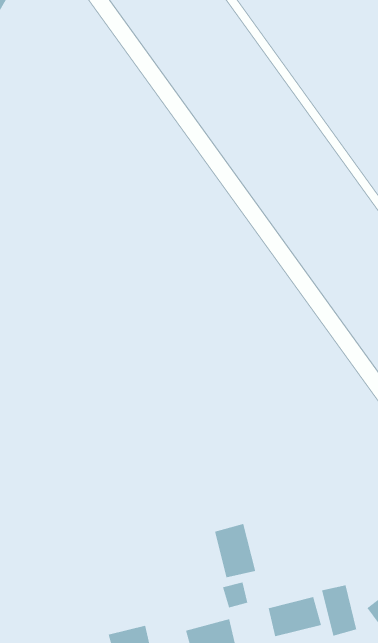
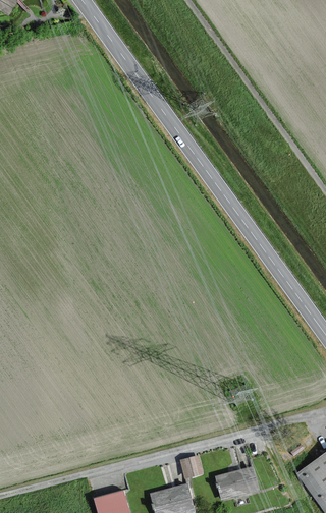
building: [215,523,256,578] -> none
building: [322,584,357,636] -> none

